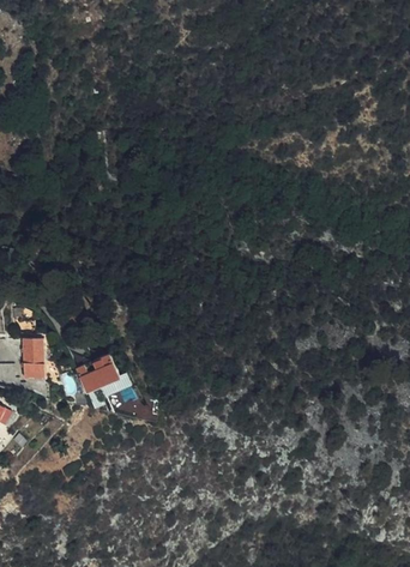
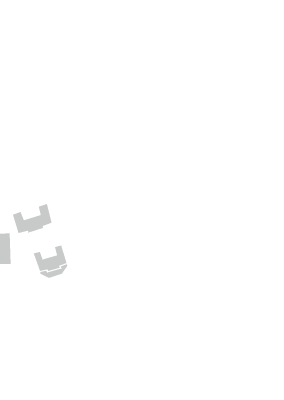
building: none -> [12,203,52,234]

